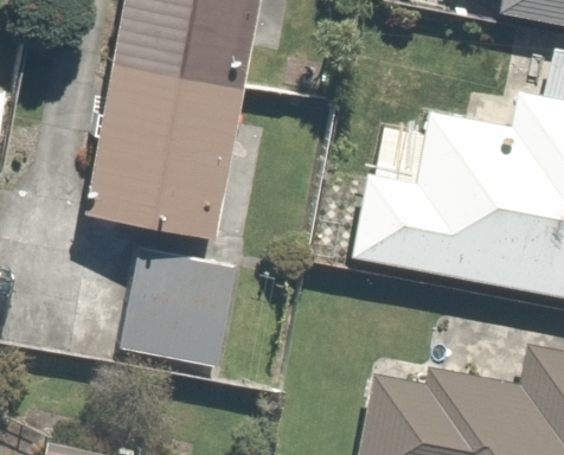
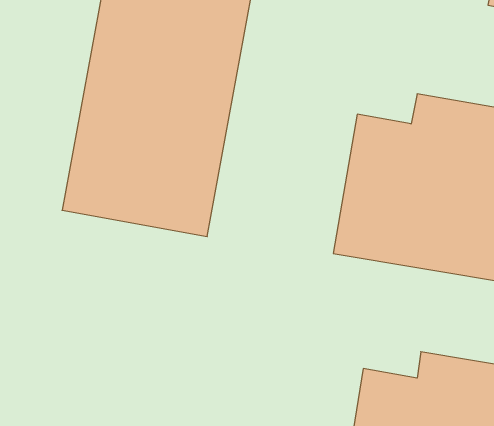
building: [116,248,239,389] -> none

